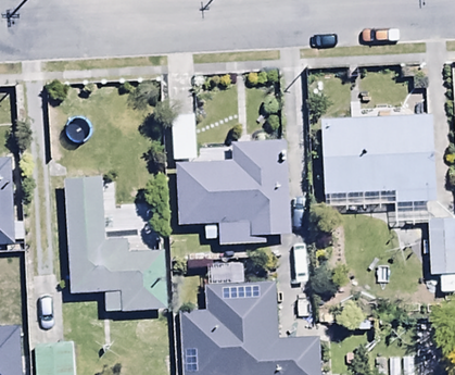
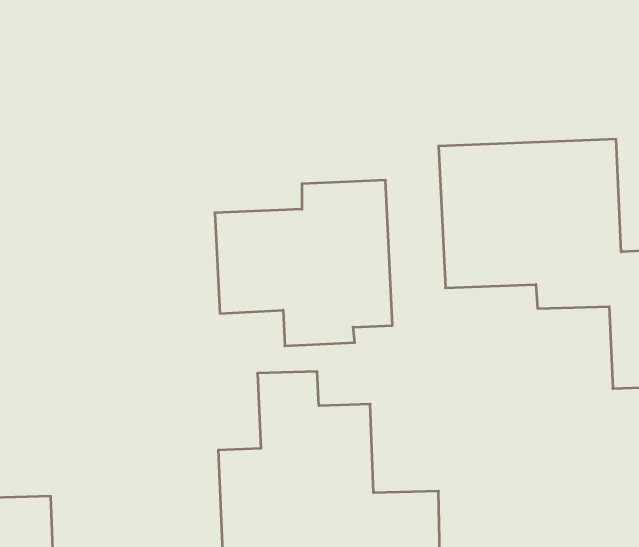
building: [65,178,166,311] -> none

